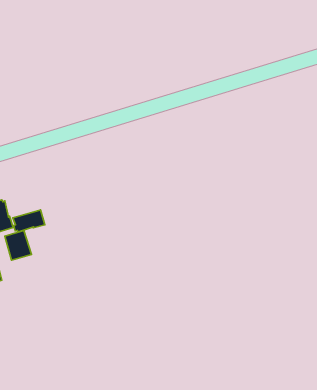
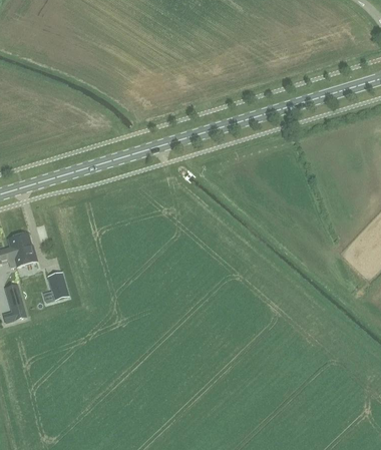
building: [13,210,45,232] -> none

